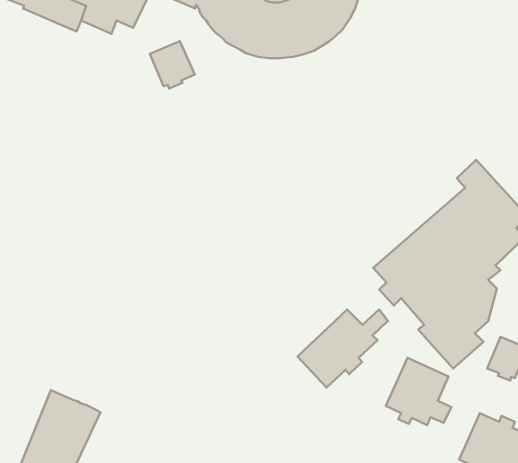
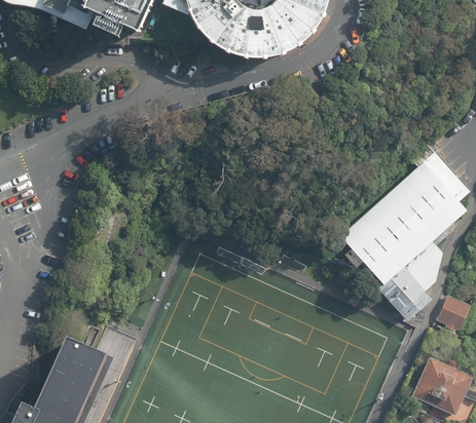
building: [150,41,195,89] -> none
building: [298,310,388,388] -> none
building: [386,358,451,425] -> none

